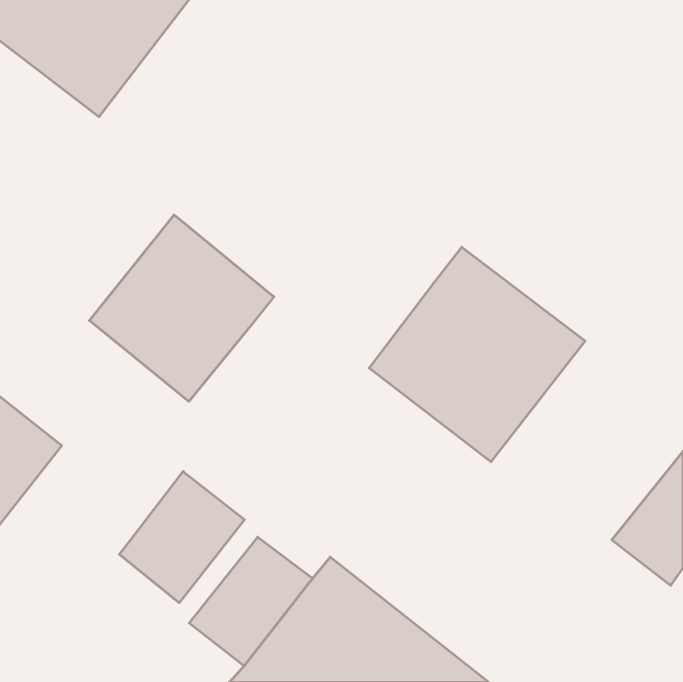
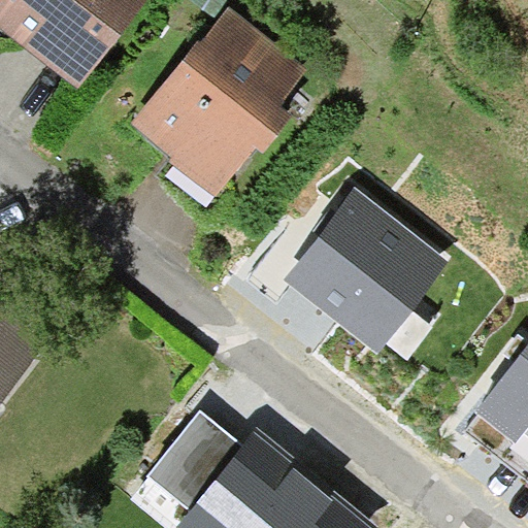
building: none -> [131,6,307,200]
building: [89,215,274,401] -> none
building: [119,471,244,603] -> none

